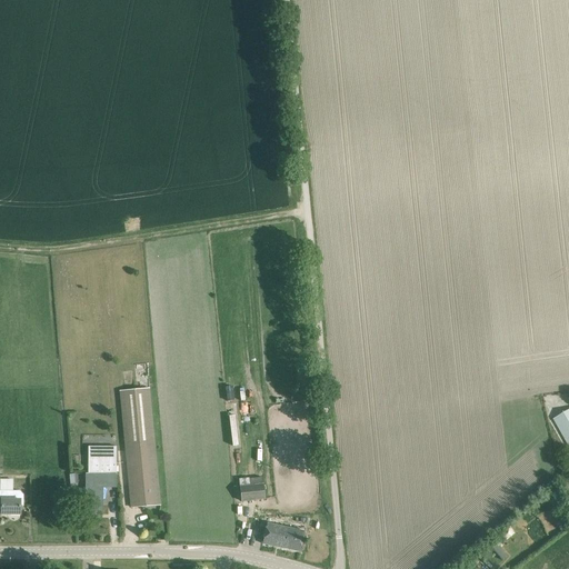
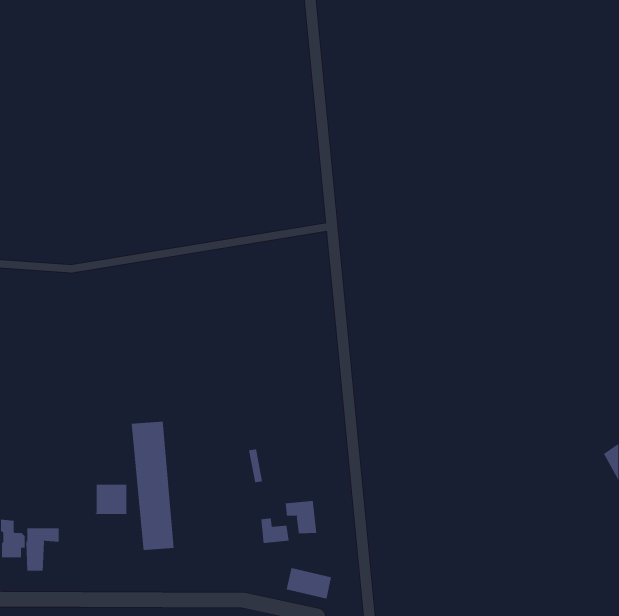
building: none -> [285,500,317,534]
building: [86,472,117,512] -> [25,528,59,571]

